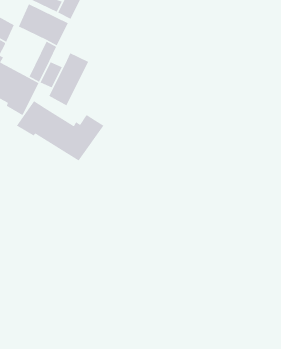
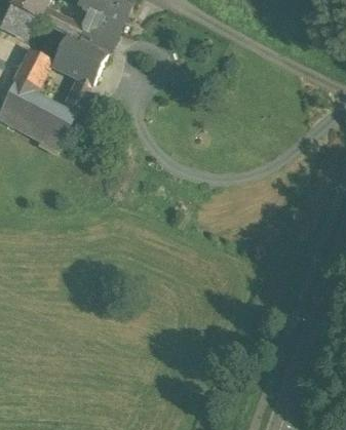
building: [48,52,89,106] -> none
building: [16,100,104,161] -> none

